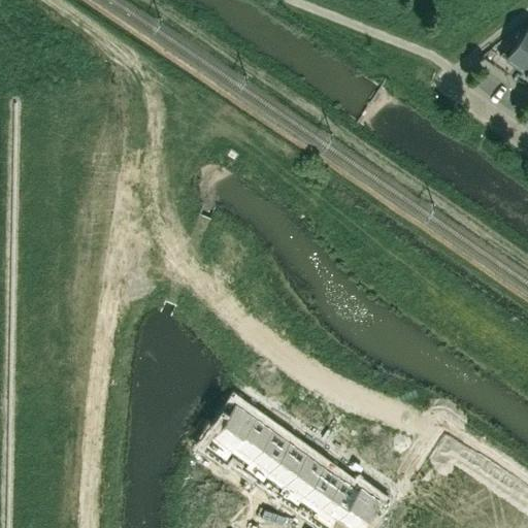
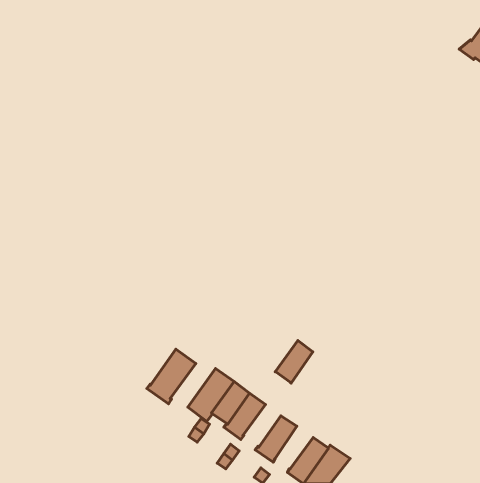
building: none -> [147,349,196,404]
building: [269,441,310,488] -> [275,341,313,383]
building: [304,465,345,512] -> none

